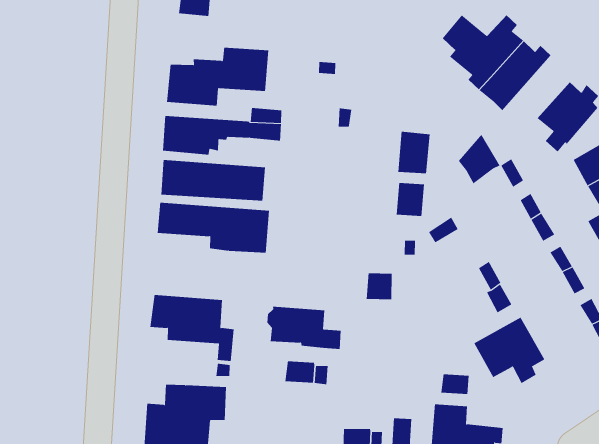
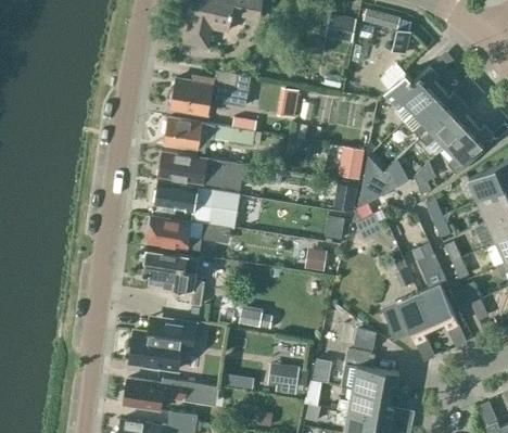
building: none -> [420,101,472,147]
building: none -> [357,155,393,207]
building: none -> [412,243,457,329]
building: [266,306,342,349] -> [147,216,202,253]

